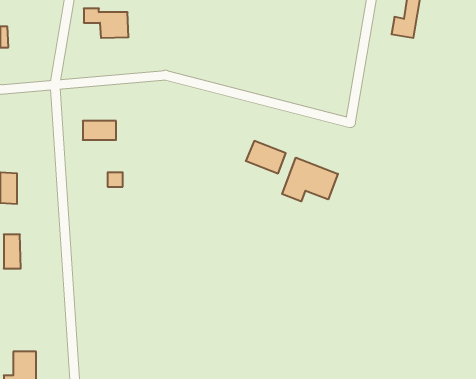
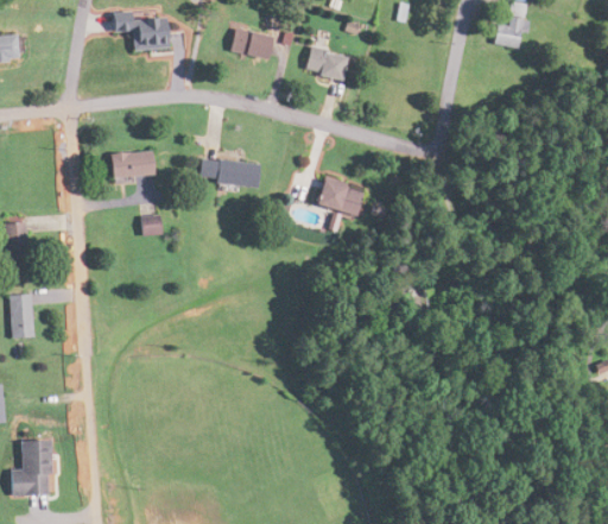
building: none -> [232,29,273,59]
building: none -> [305,45,349,80]
building: none -> [200,156,260,187]
building: [282,158,338,201] -> none

